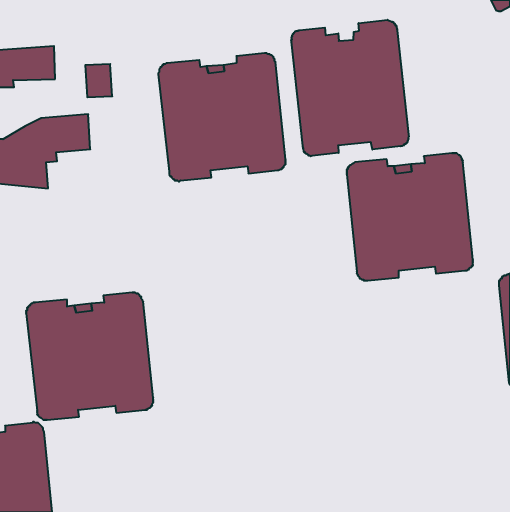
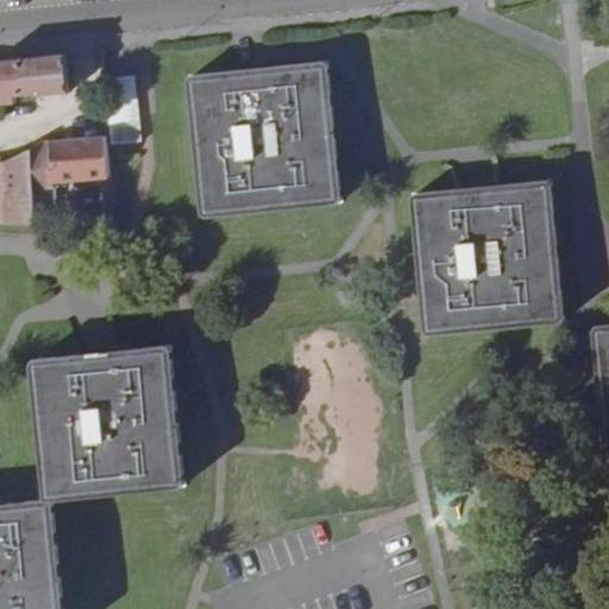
building: [291,20,409,156] -> none

